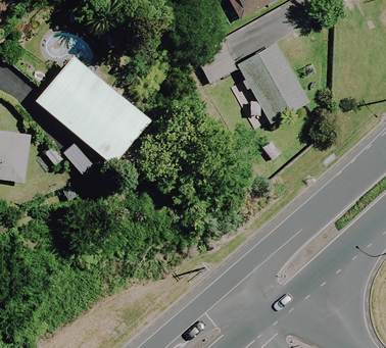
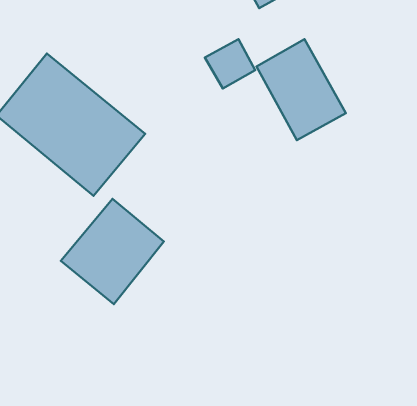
building: none -> [61,199,164,304]

